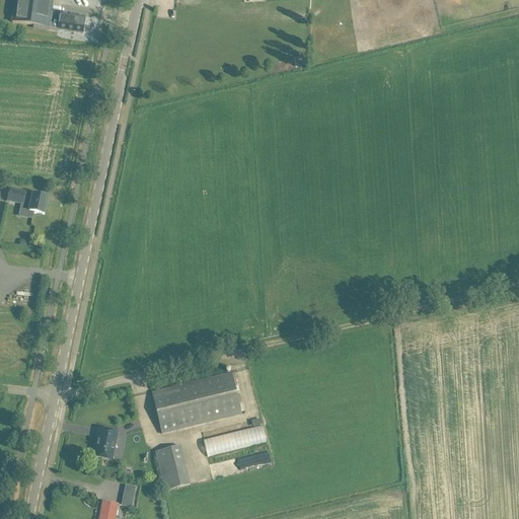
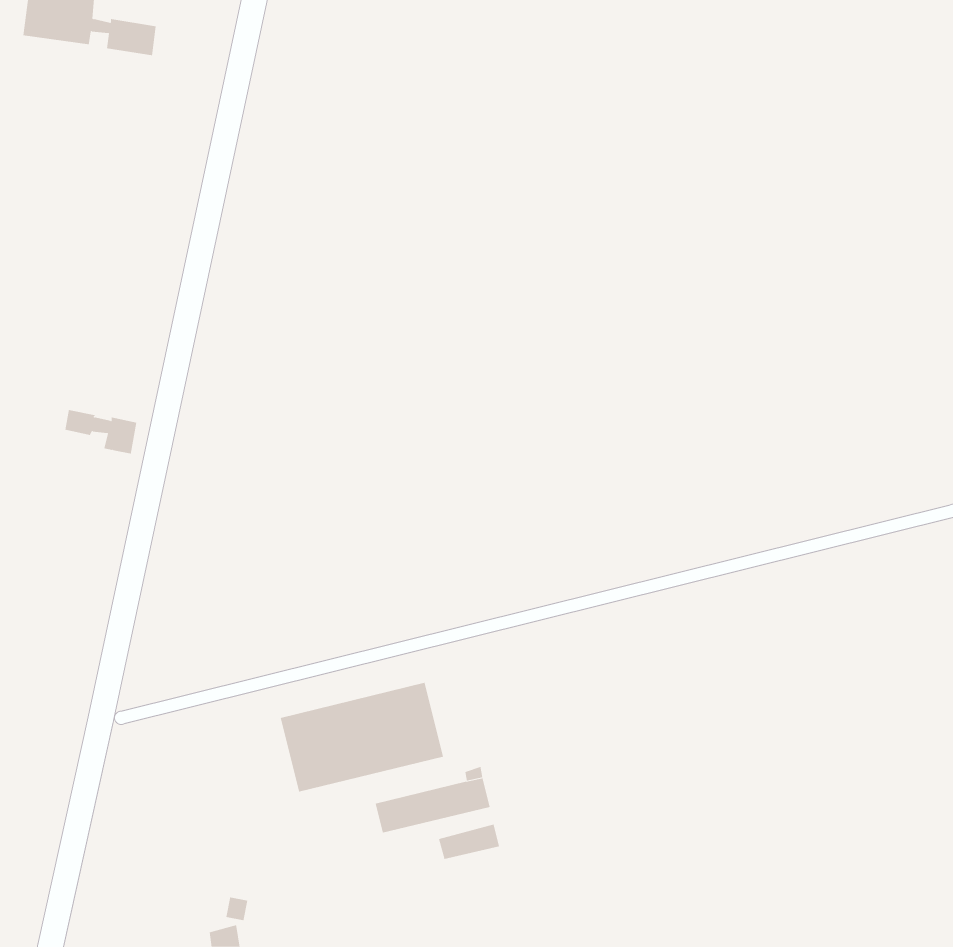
building: [8,188,48,212] -> [64,409,137,454]
building: [94,426,117,458] -> none
building: [155,444,190,489] -> none

